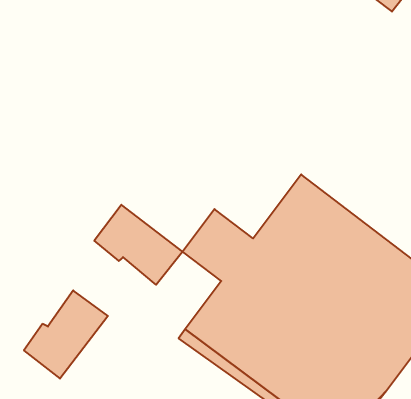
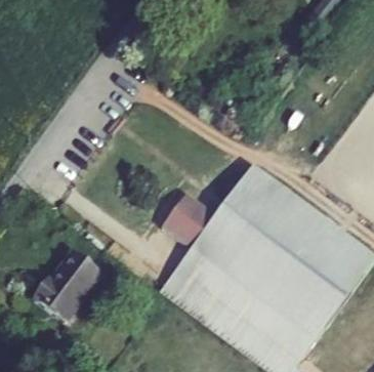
building: [94,205,183,285] -> none

